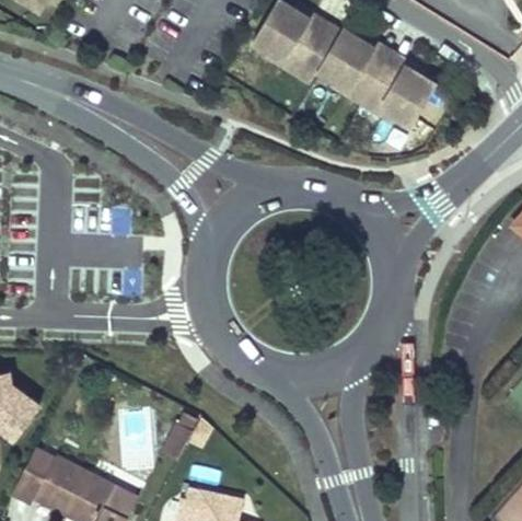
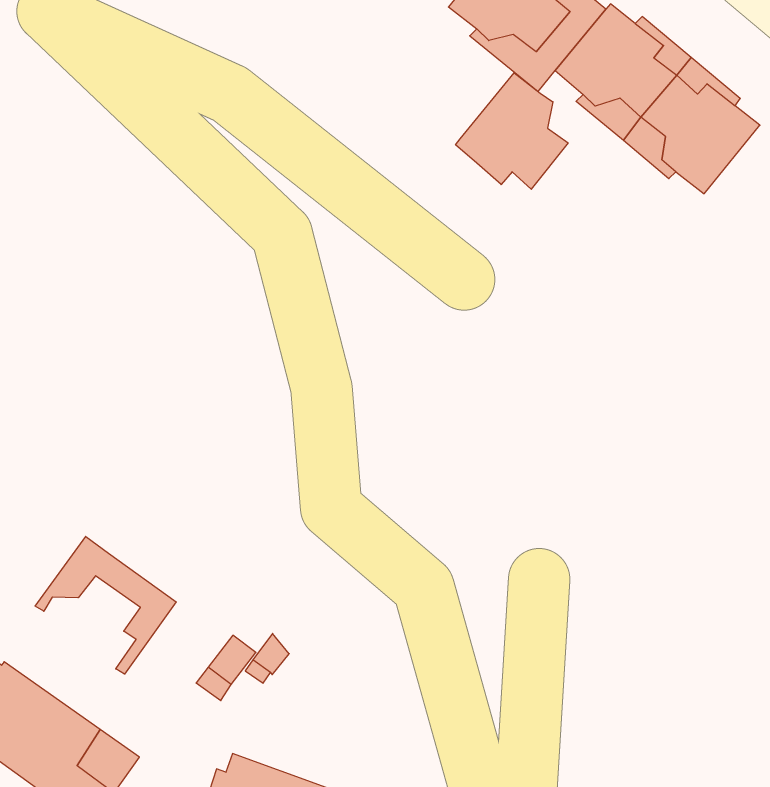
building: none -> [456,73,568,189]
building: none -> [35,536,176,674]

